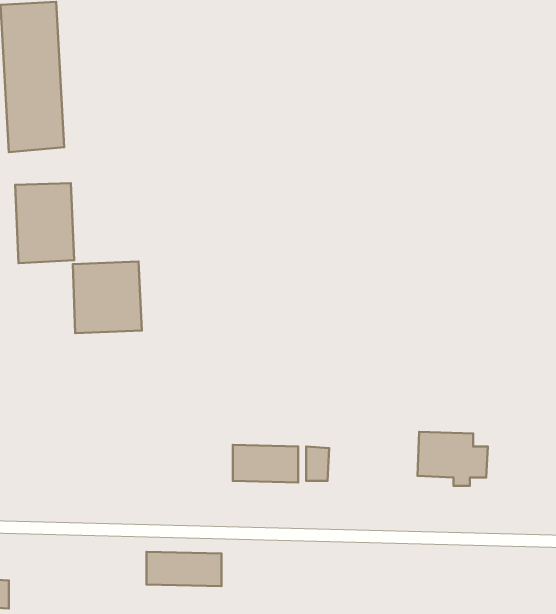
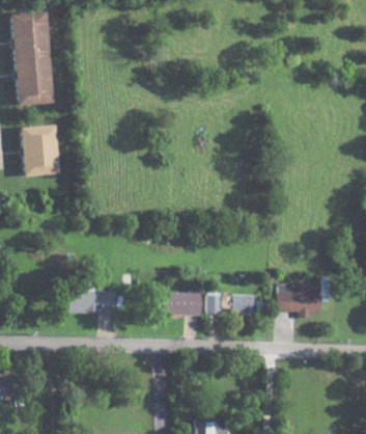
building: [73,262,142,333] -> none
building: none -> [232,294,254,313]
building: [146,552,222,586] -> [69,291,117,313]

